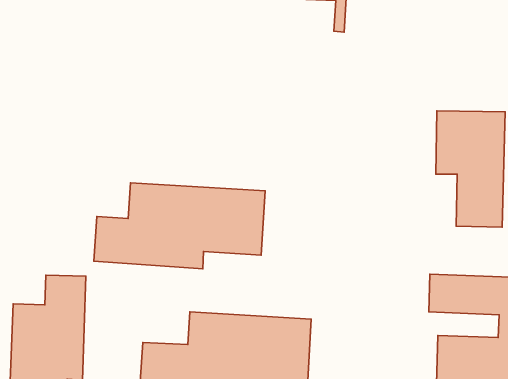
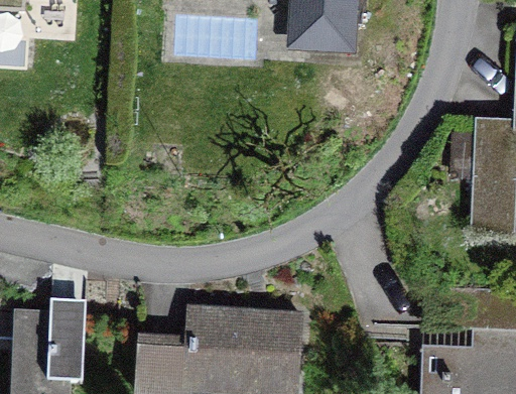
building: [94,183,265,269] -> none

